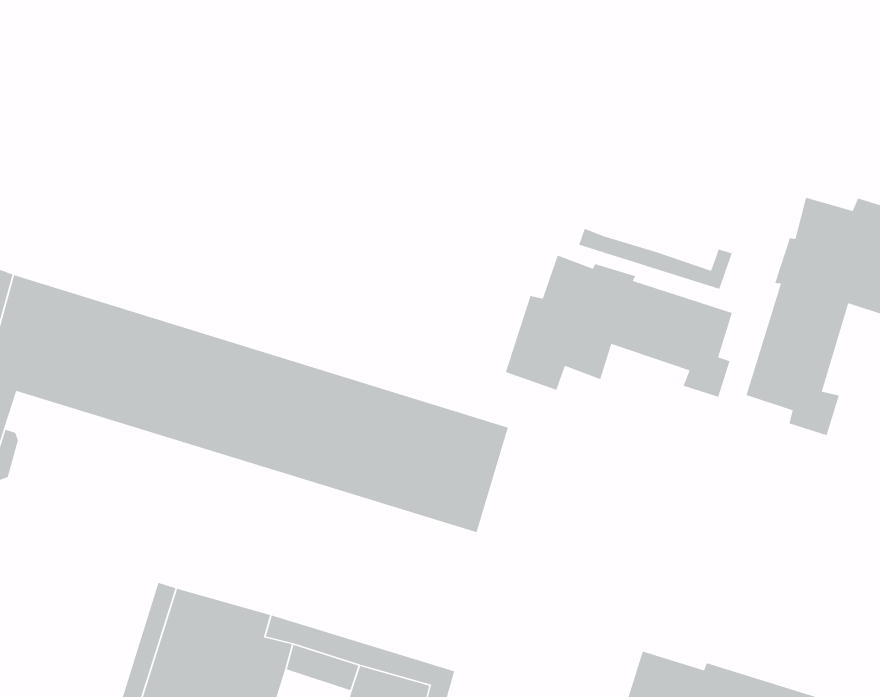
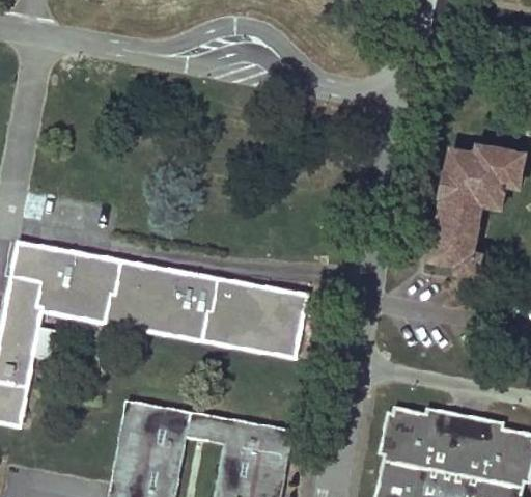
building: [578,228,733,290] -> none
building: [505,255,733,398] -> none

